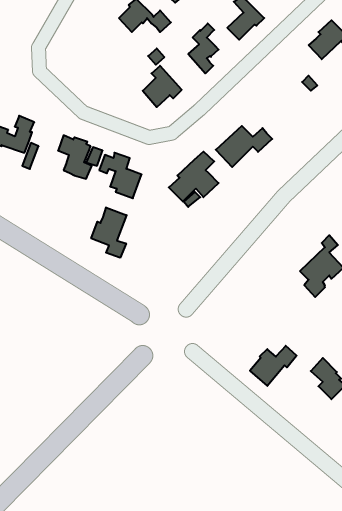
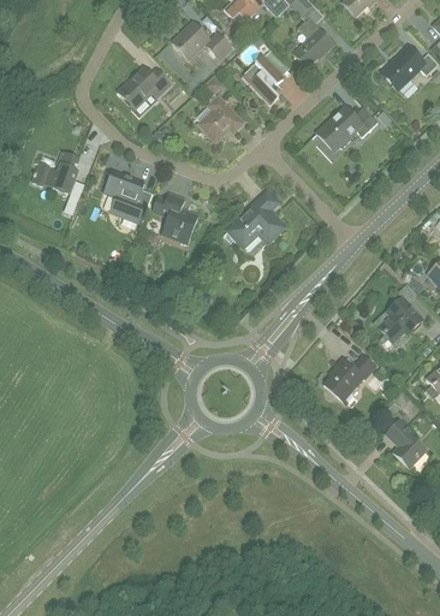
building: none -> [118,67,171,107]
building: [216,126,272,167] -> [315,106,377,152]
building: [91,207,127,258] -> none
building: [250,346,297,386] -> [323,354,375,398]

